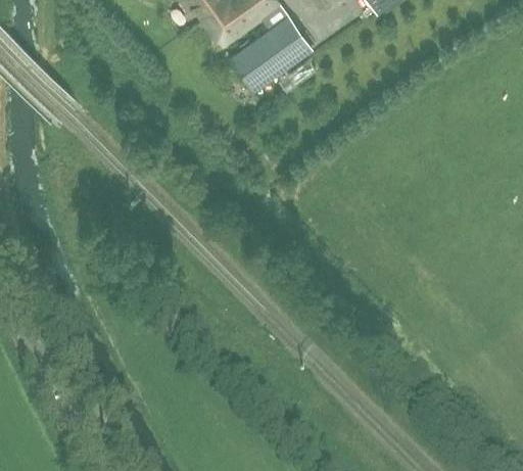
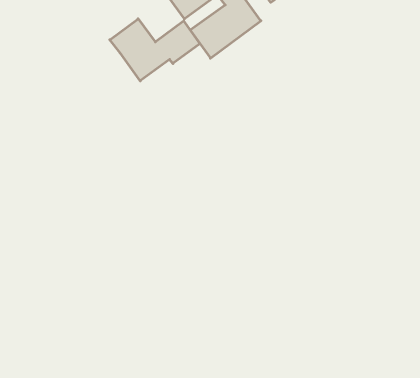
building: none -> [110,19,200,81]

